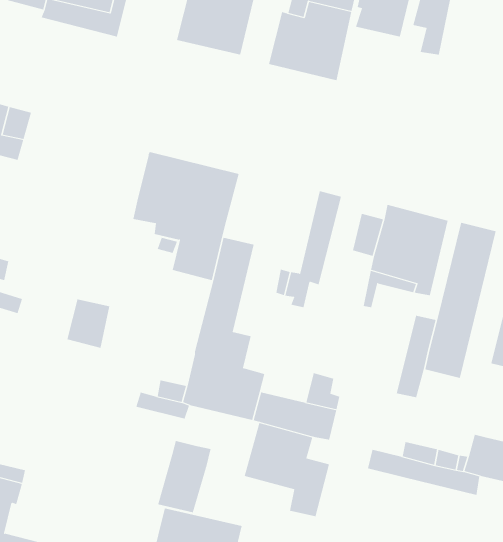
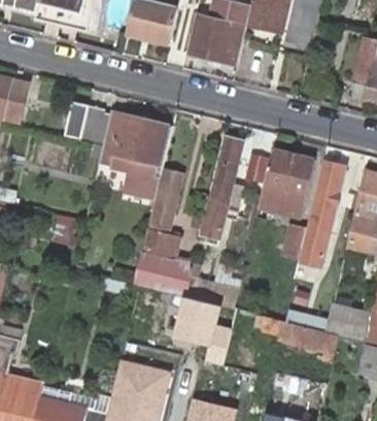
building: none -> [64,105,108,144]
building: [158,440,211,513] -> none

